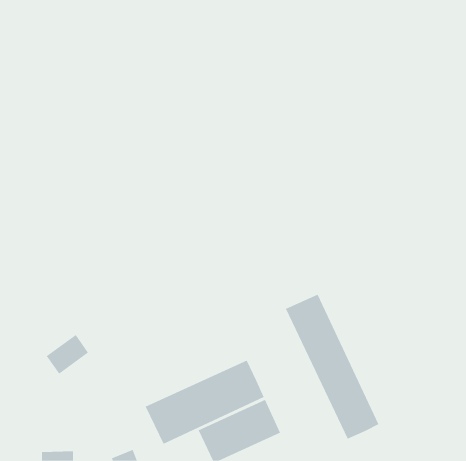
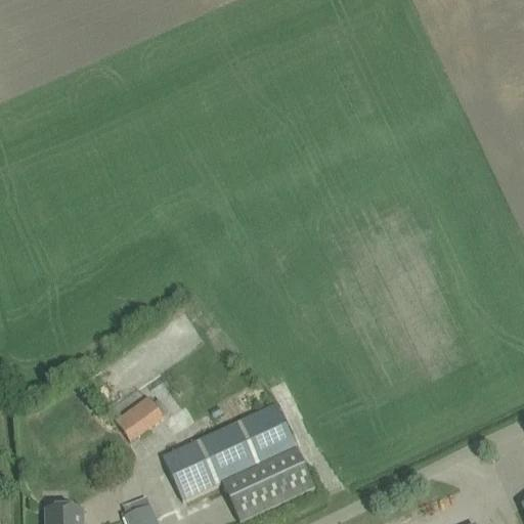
building: [285,294,379,440] -> none
building: [46,334,89,374] -> [116,395,164,440]

